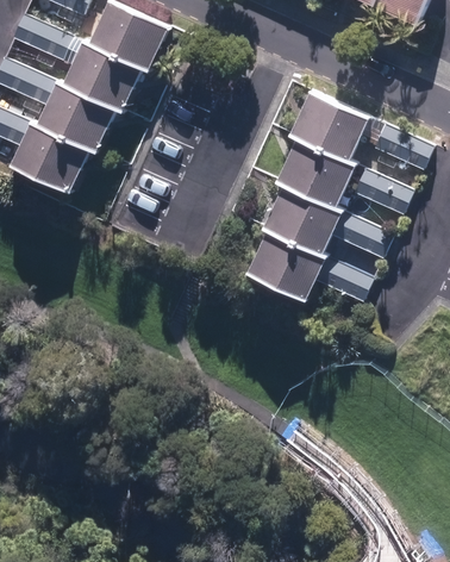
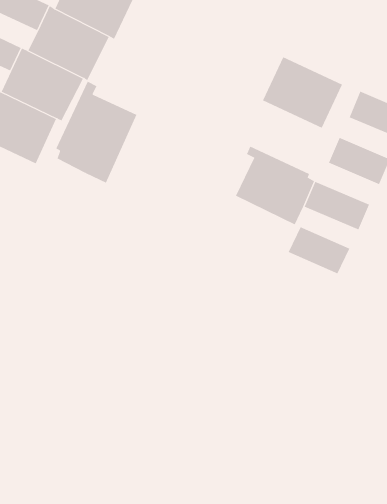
building: none -> [56,81,137,183]
building: [277,132,355,204] -> none
building: [245,225,326,302] -> none

